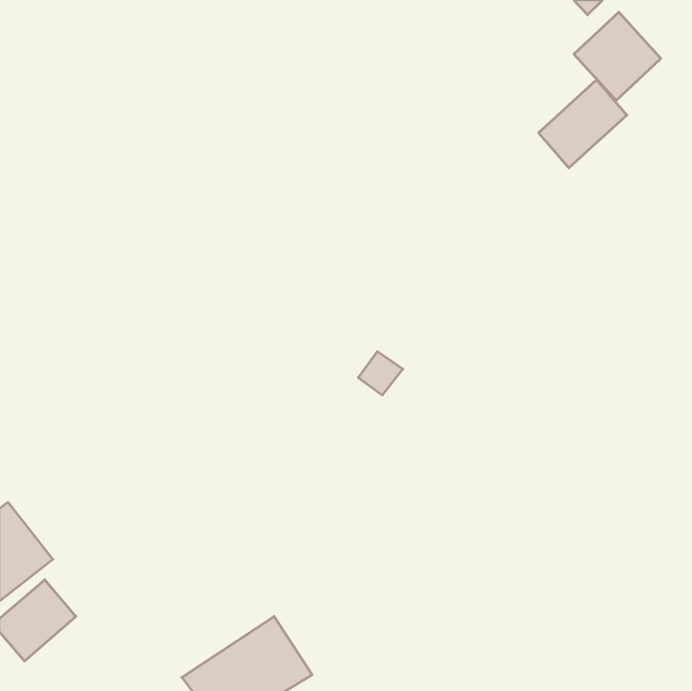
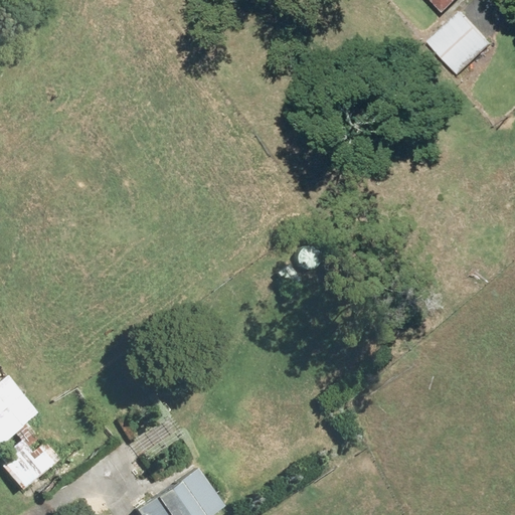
building: [539,80,627,168] -> none

